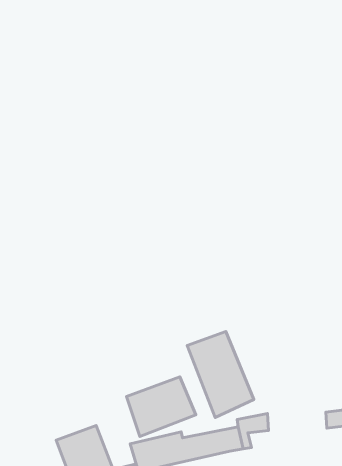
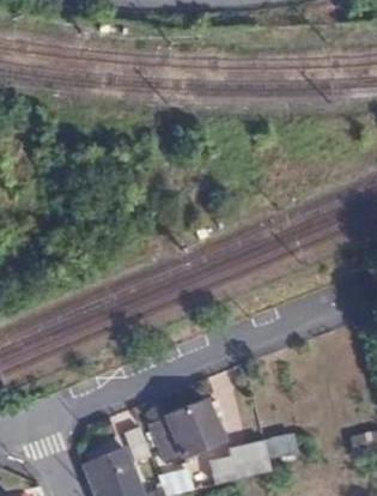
building: [187,332,254,418] -> none

